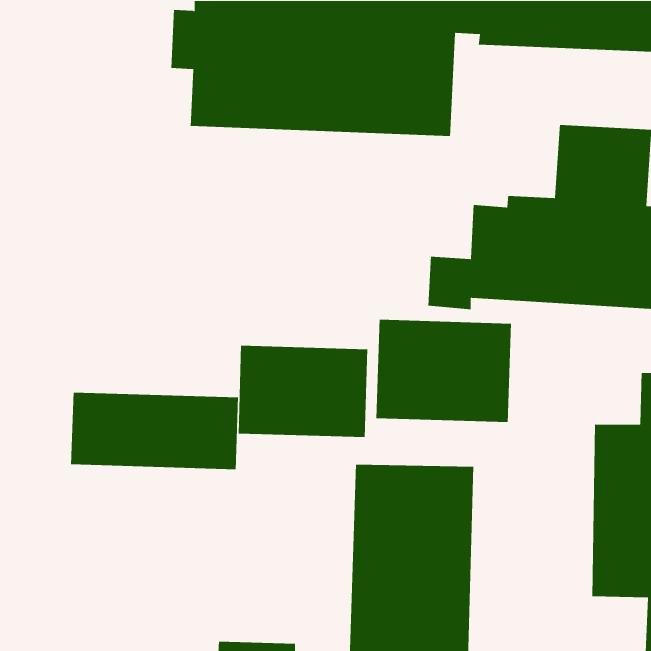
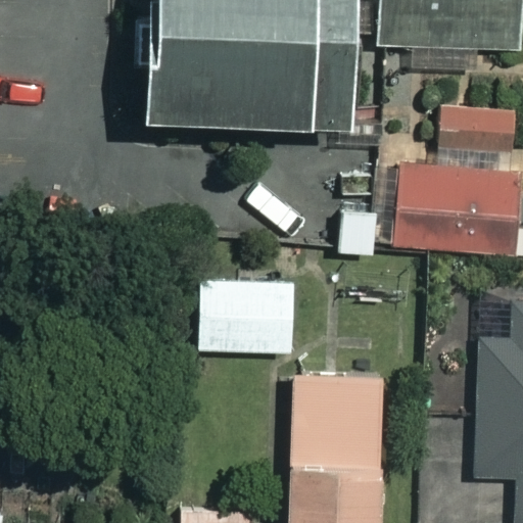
building: [376,319,512,423] -> none
building: [70,392,239,470] -> none

